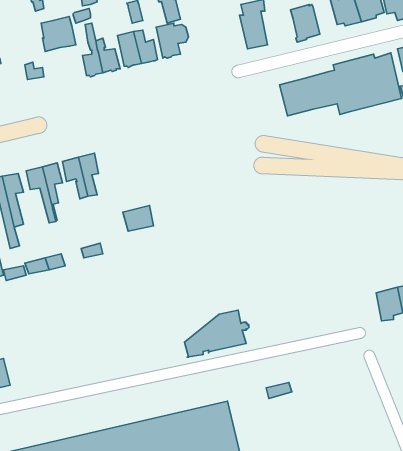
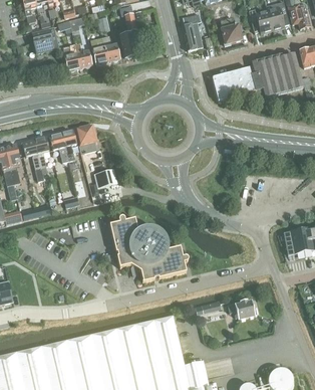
building: none -> [76,125,96,153]
building: none -> [109,216,167,270]
building: none -> [228,299,257,319]

